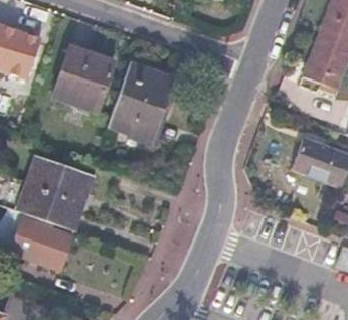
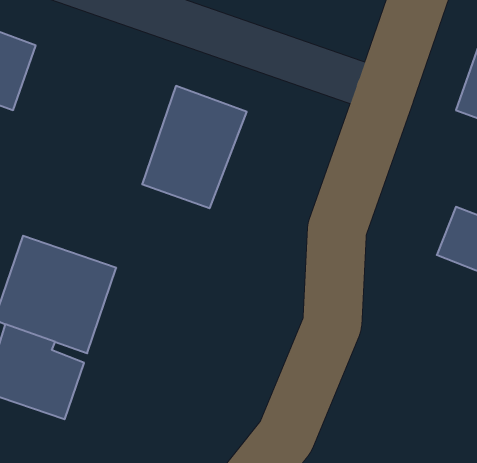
building: [52,46,114,112] -> none

